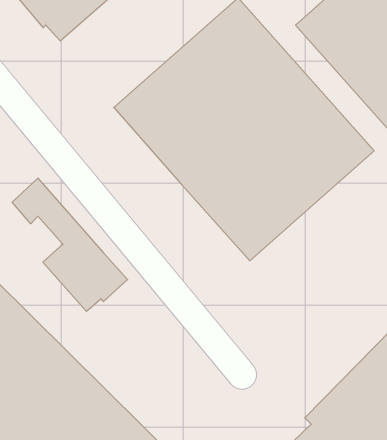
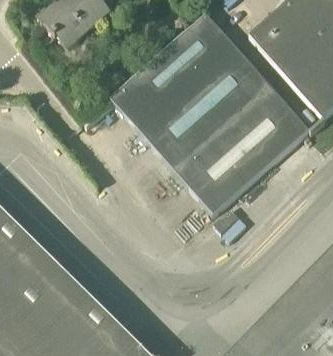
building: [12,178,128,311] -> none

